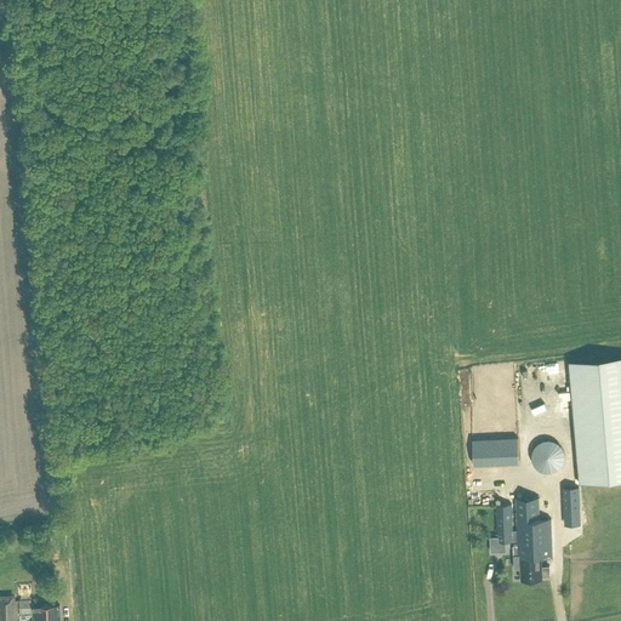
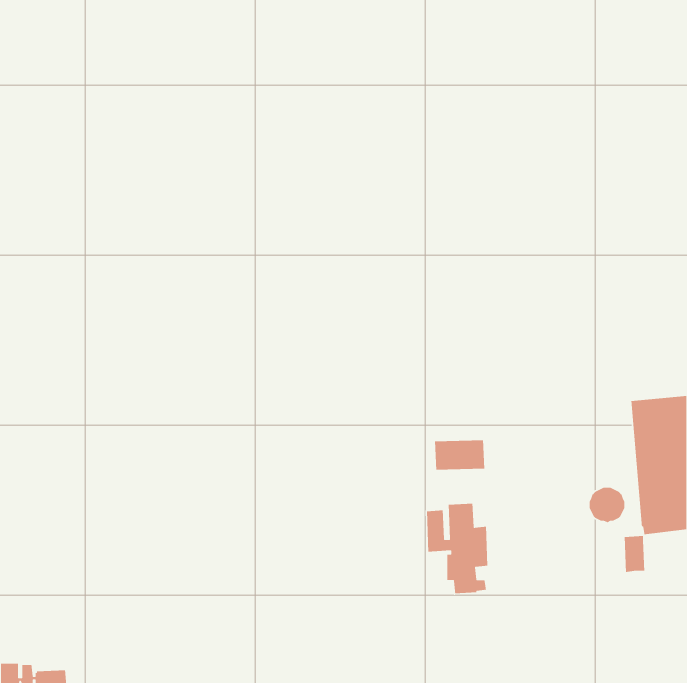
building: [473,439,519,467] -> [434,439,485,470]
building: [496,500,552,582] -> [426,503,488,594]

